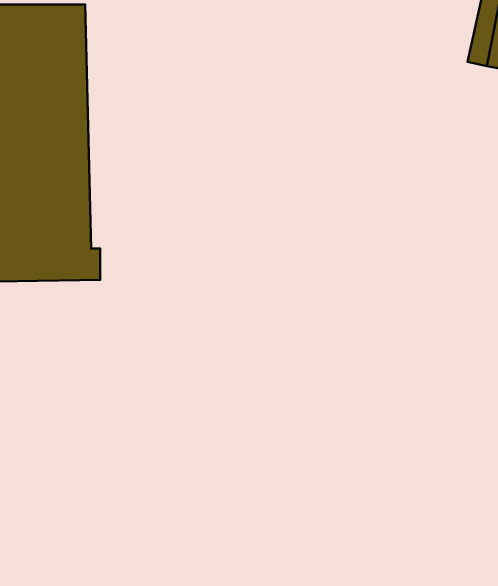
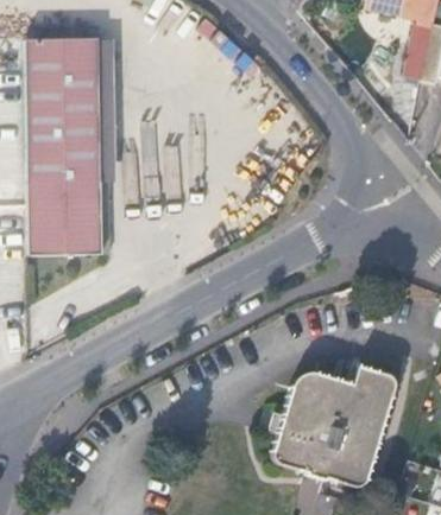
building: none -> [273,363,397,485]

